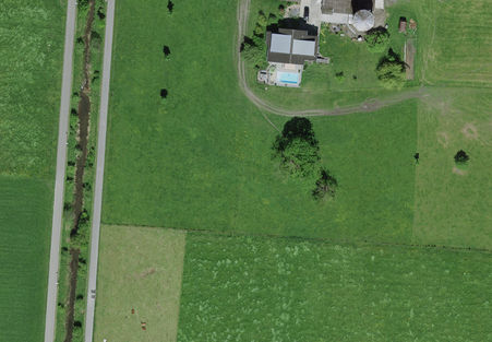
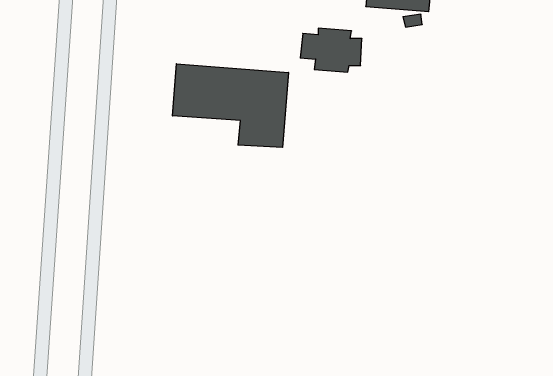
building: none -> [173,64,288,147]

